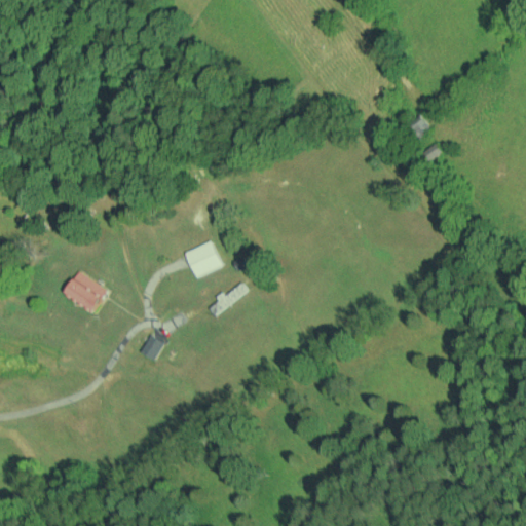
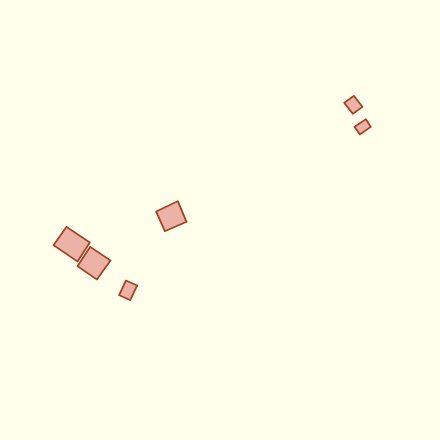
building: none -> [77,247,110,280]

